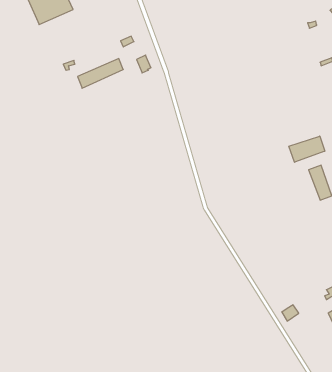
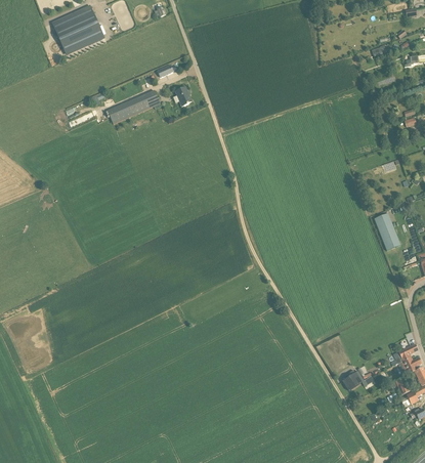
building: [289,136,325,162] -> none

